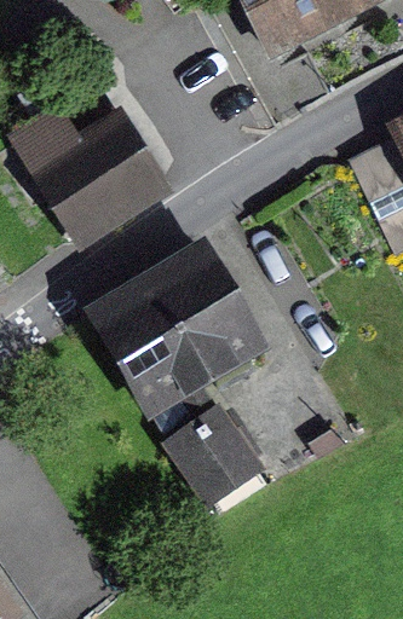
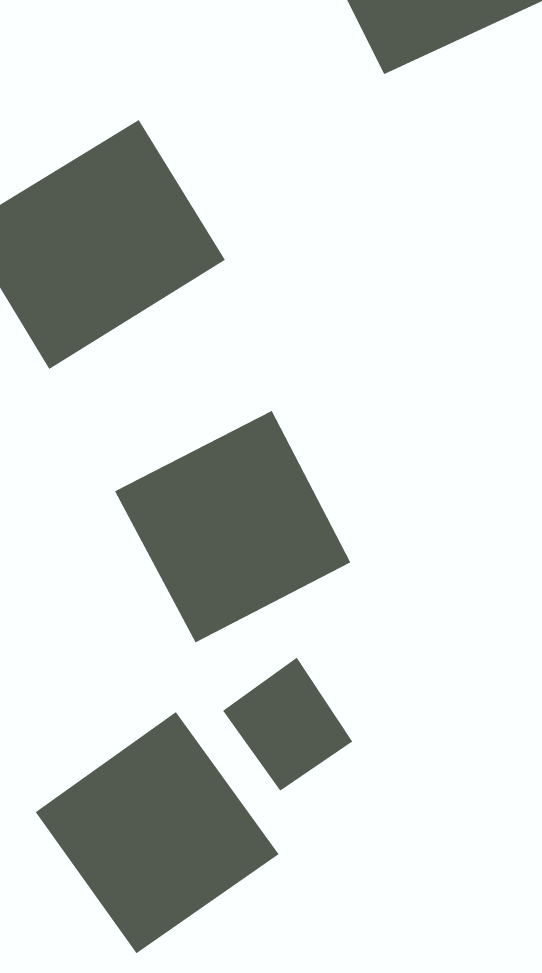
building: none -> [35,711,279,954]

